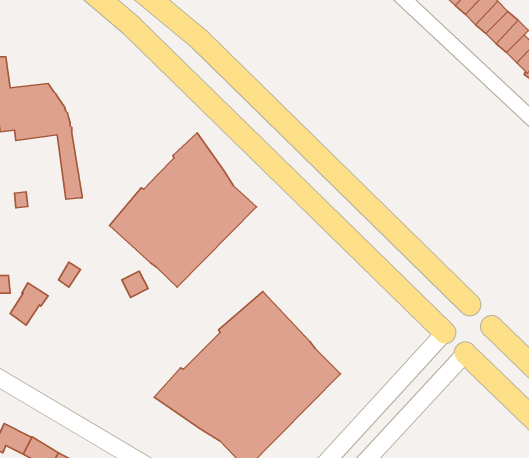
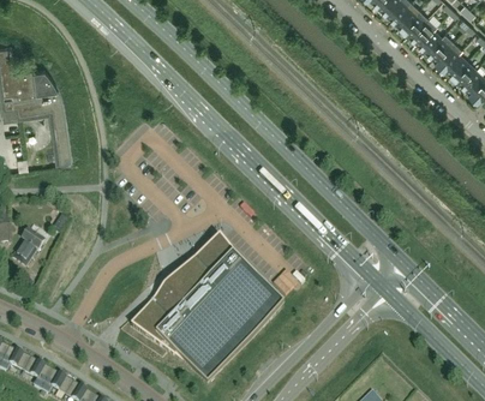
building: [110,133,256,287] -> none

